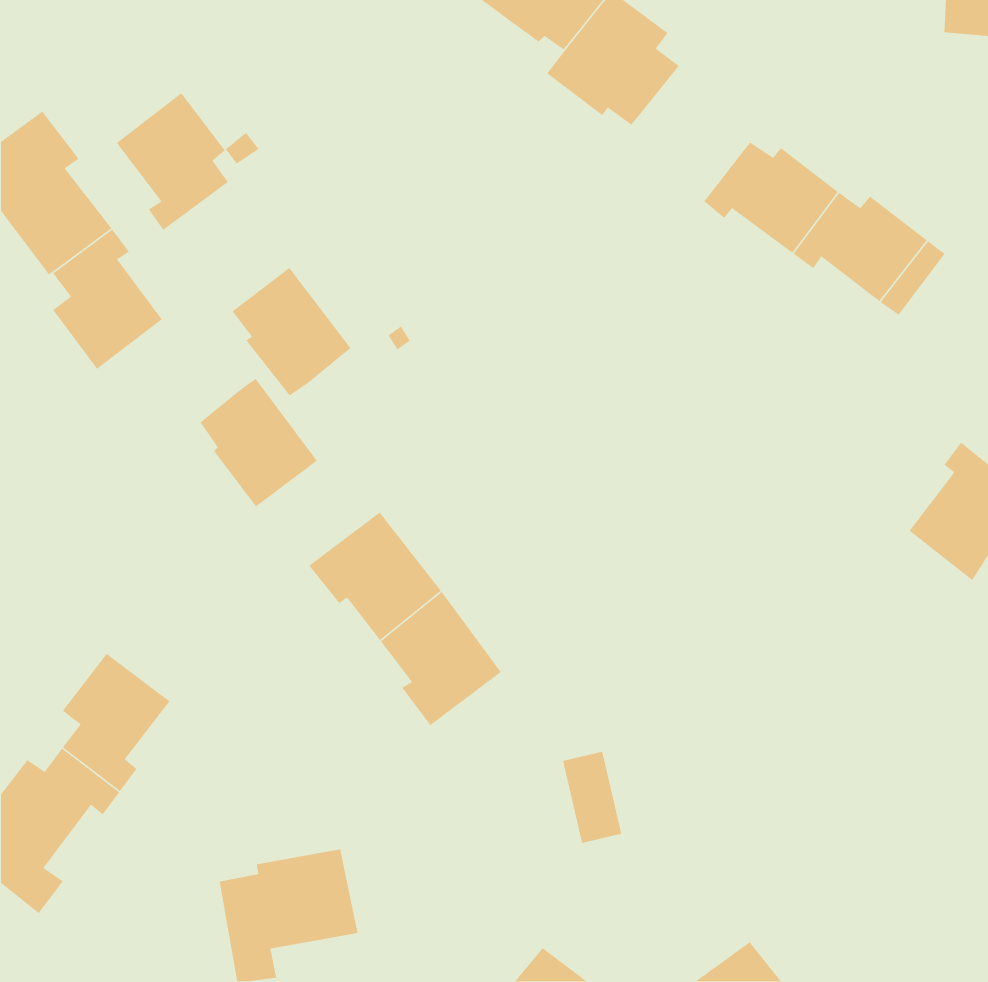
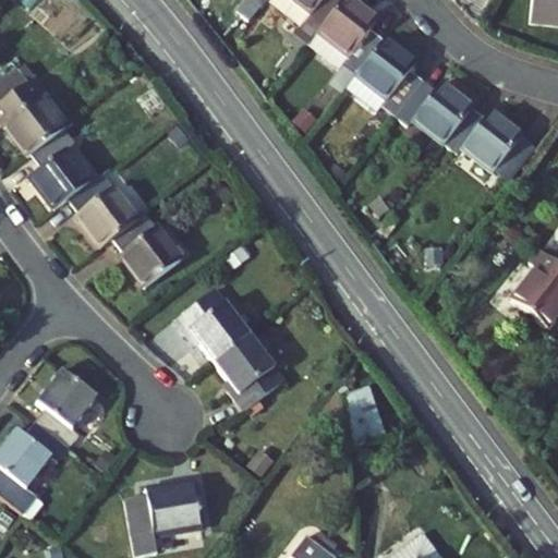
building: none -> [345,37,423,113]
building: [116,92,229,231] -> none
building: [232,267,352,396] -> [70,172,137,245]
building: [562,751,622,844] -> [350,387,384,439]

